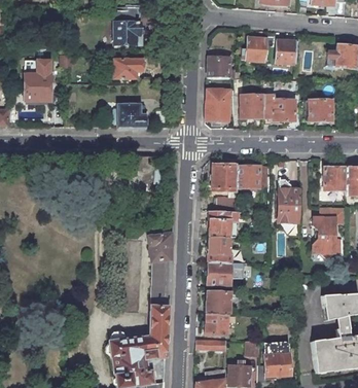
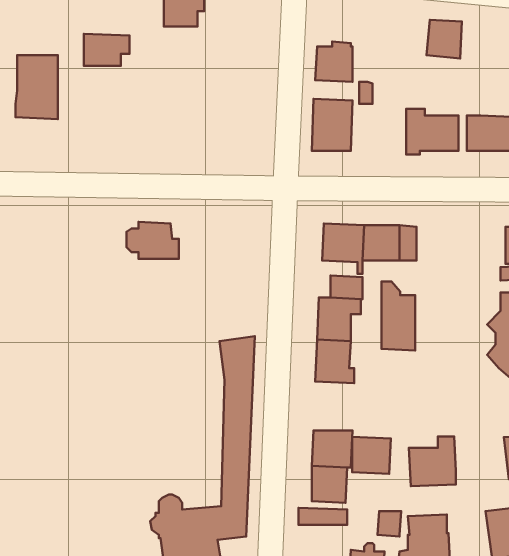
building: [247,37,268,61] -> none
building: [114,59,142,78] -> [84,34,129,66]
building: [241,91,263,118] -> none
building: [112,105,144,128] -> [127,222,179,259]
building: [280,180,300,222] -> [382,282,415,351]
building: [208,261,231,284] -> [352,437,391,474]
building: none -> [409,436,456,486]

